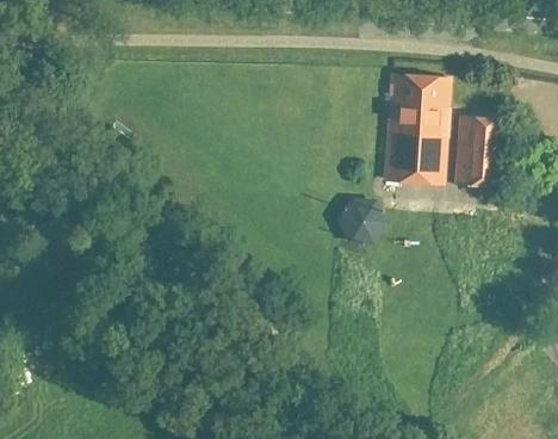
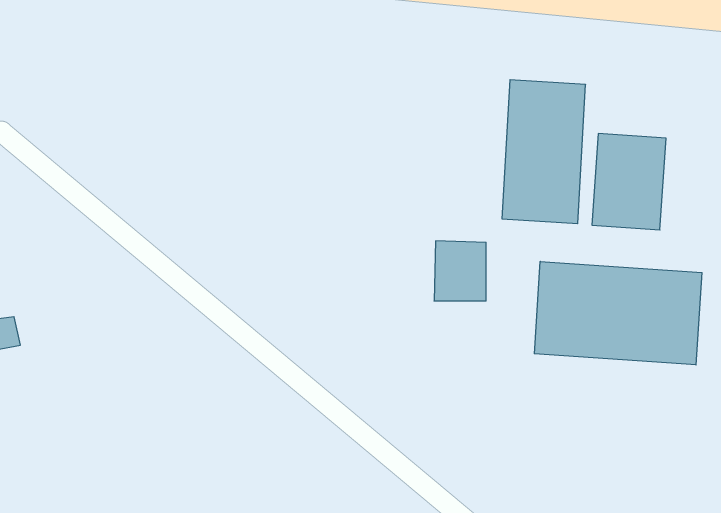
building: none -> [534,261,702,365]

